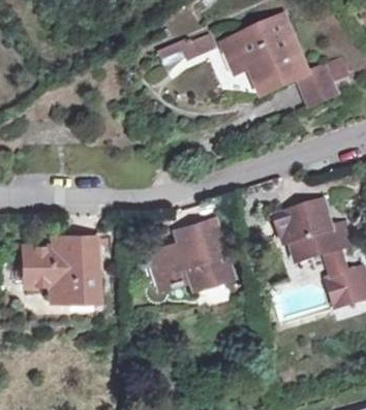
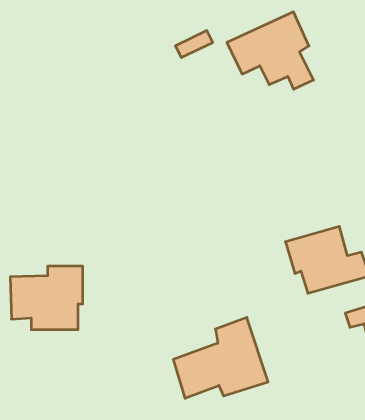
building: [301,65,339,105] -> none
building: [148,220,232,291] -> [173,317,268,398]

